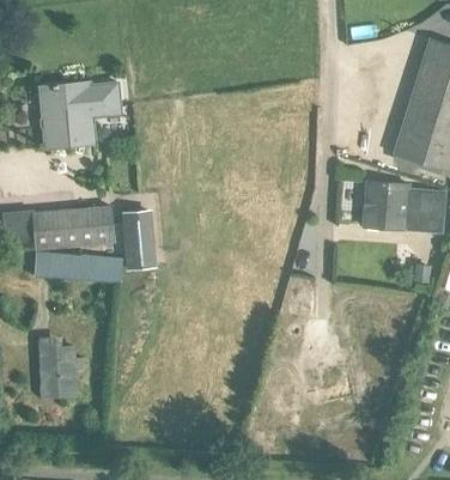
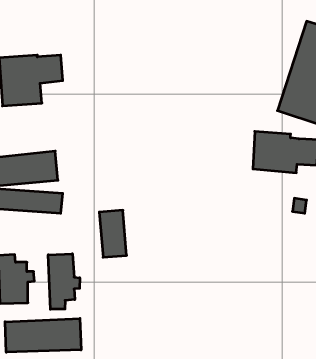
building: [122,208,157,268] -> [99,210,127,257]
building: none -> [48,254,80,309]
building: none -> [5,318,81,352]

